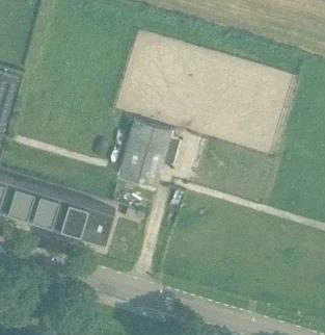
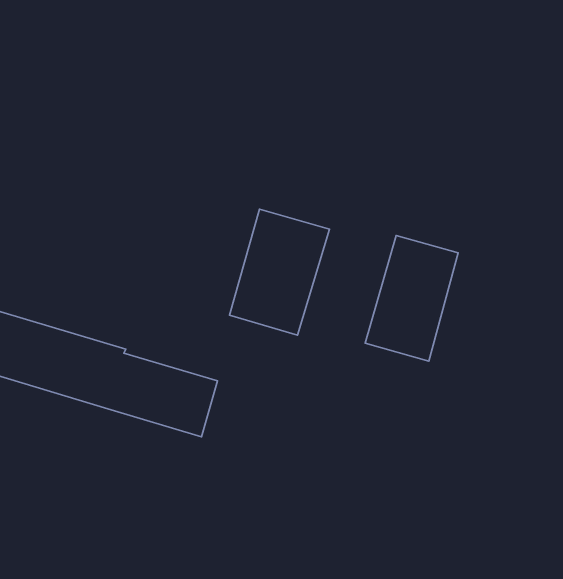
building: none -> [365,236,458,361]

